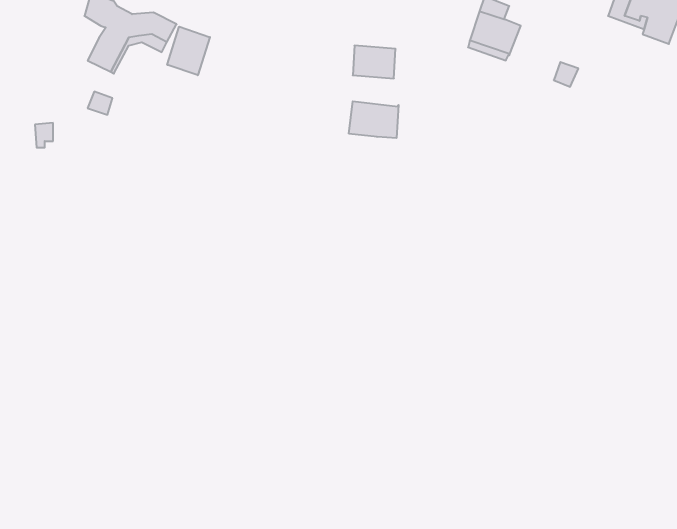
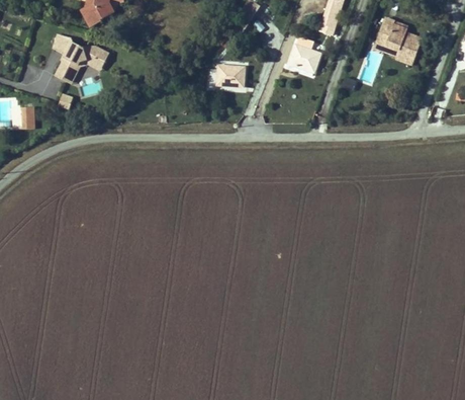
building: [167,27,210,75] -> none
building: [349,101,399,138] -> none

